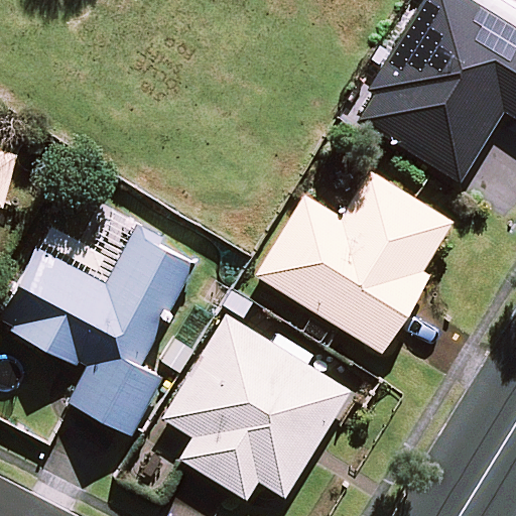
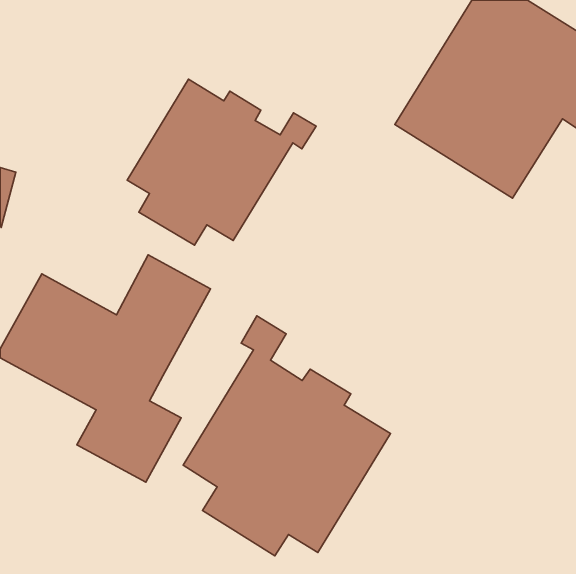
building: none -> [127,79,316,245]
building: [258,174,457,351] -> none

